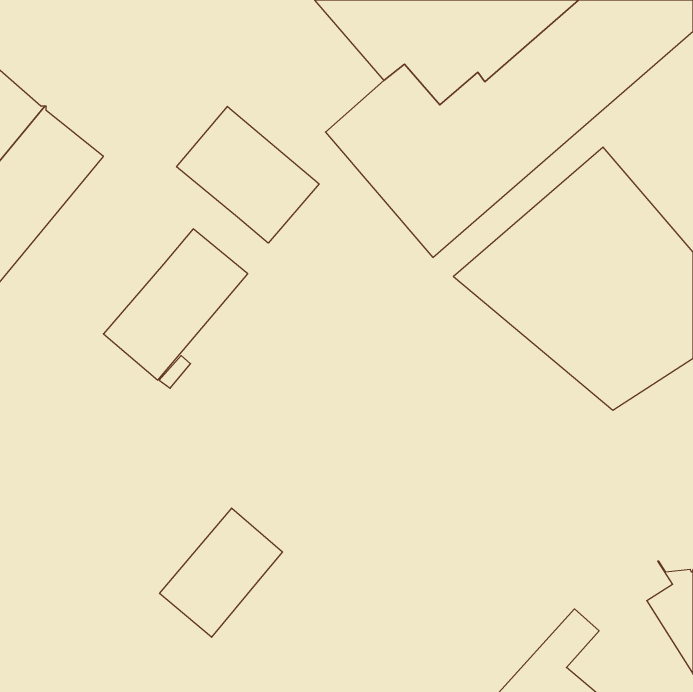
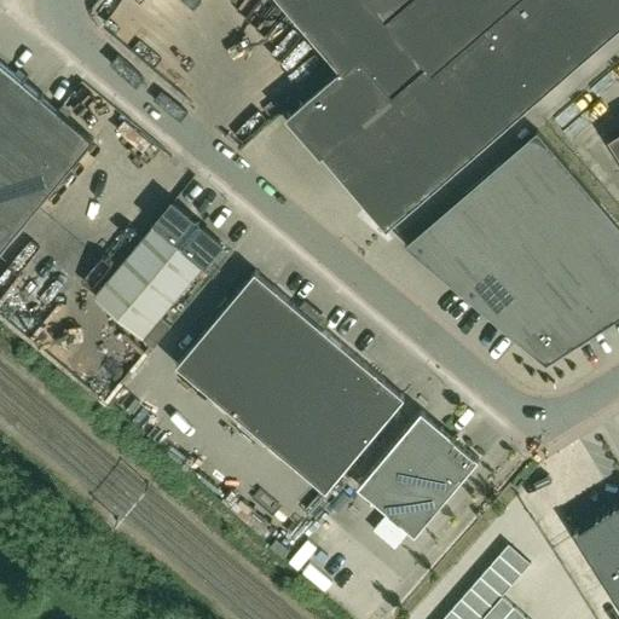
building: [177,106,319,243] -> none
building: none -> [175,274,403,494]
building: none -> [357,413,478,538]
building: [160,508,283,637] -> none

